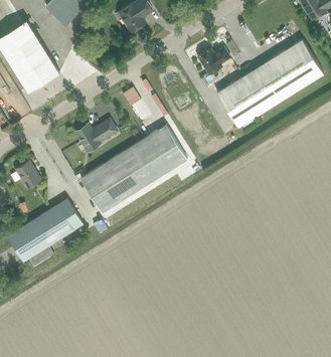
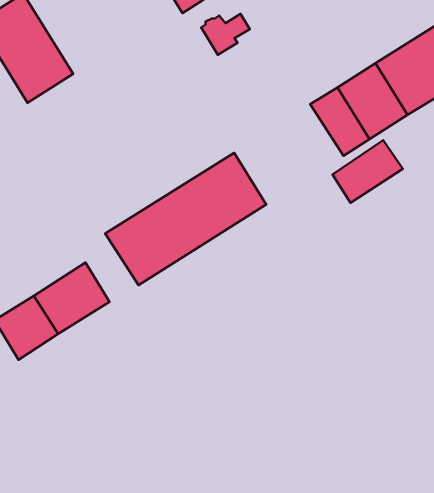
building: [198,48,230,75] -> [201,14,250,55]
building: none -> [332,140,403,203]
building: [77,121,116,152] -> none
building: [15,161,41,189] -> none

